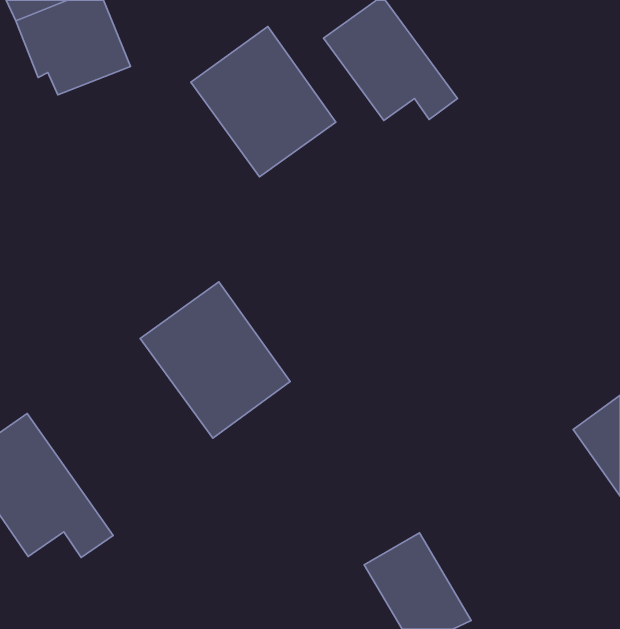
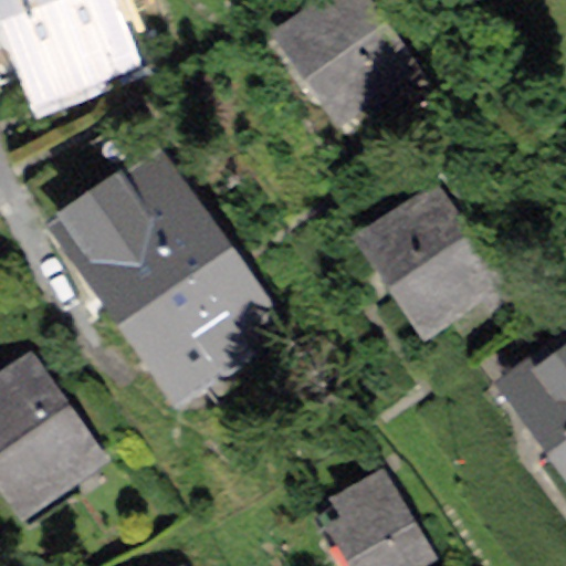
building: [191,27,336,177] -> none
building: none -> [71,127,197,304]
building: none -> [374,200,486,317]

